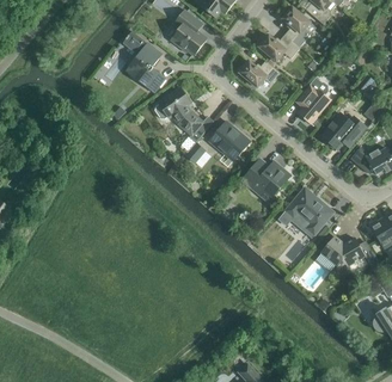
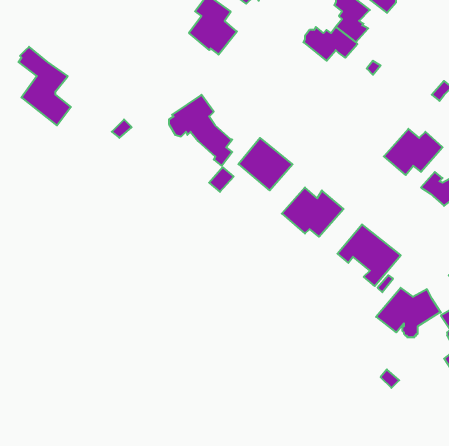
building: [123,31,164,92] -> [18,47,71,125]
building: [239,60,278,87] -> none
building: [295,78,330,124] -> none

